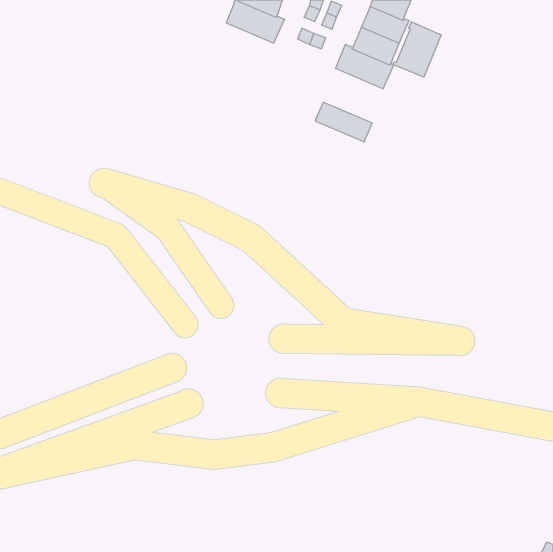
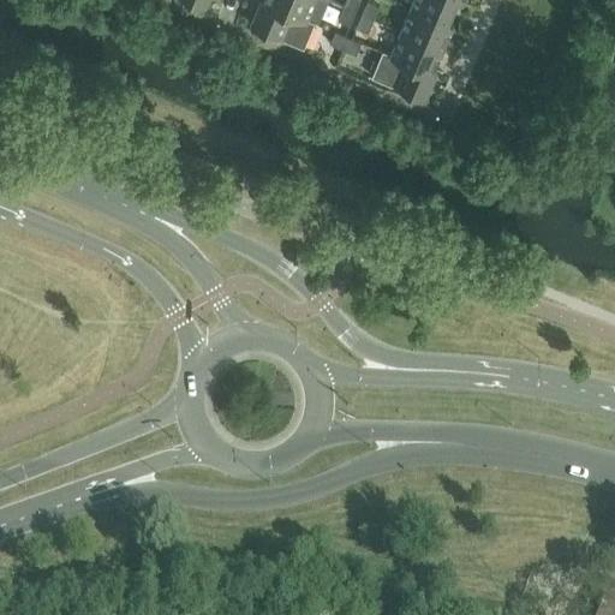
building: [393,22,441,77] -> none
building: [316,102,372,142] -> none

